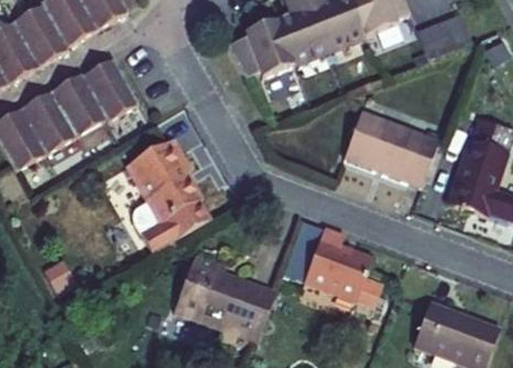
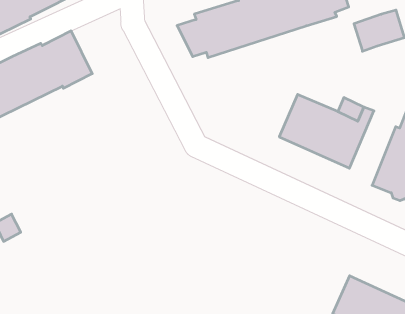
building: [127,138,210,252] -> none
building: [303,227,372,300] -> none
building: [174,255,275,348] -> none

